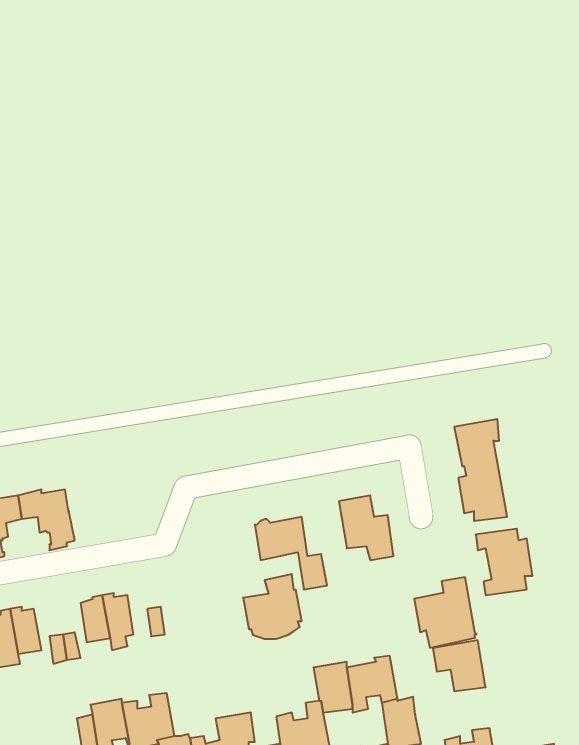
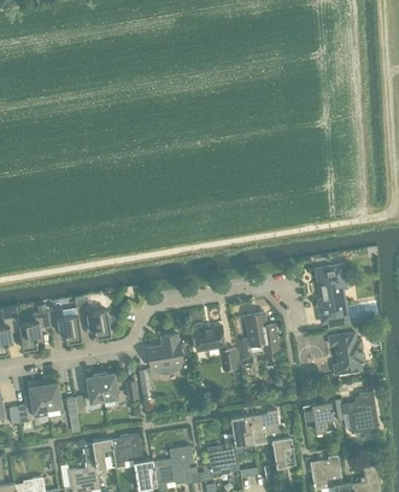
building: none -> [75,303,111,340]
building: [243,574,302,639] -> [146,333,182,373]
building: [414,577,477,648] -> [340,391,379,434]

